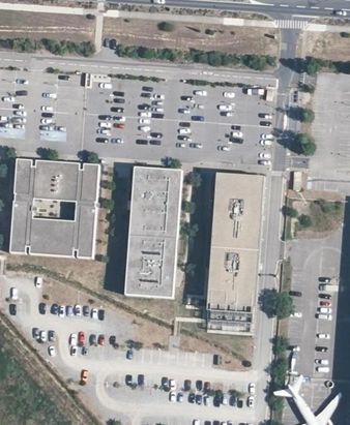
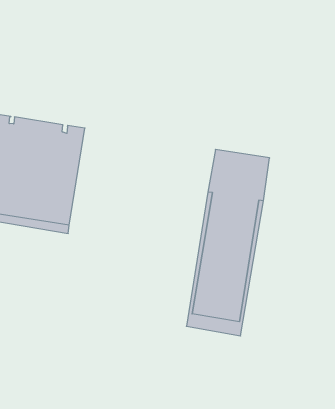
building: [125,166,181,297] -> none

